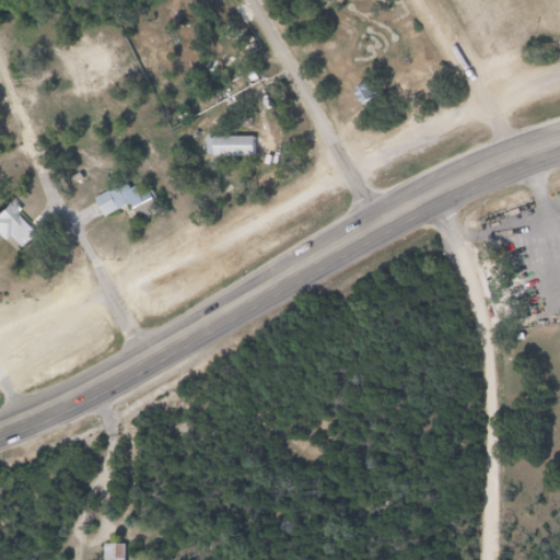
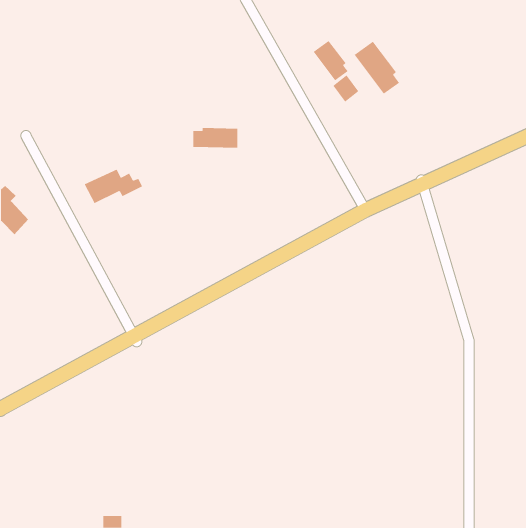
building: none -> [313,40,348,81]
building: none -> [354,41,400,95]

